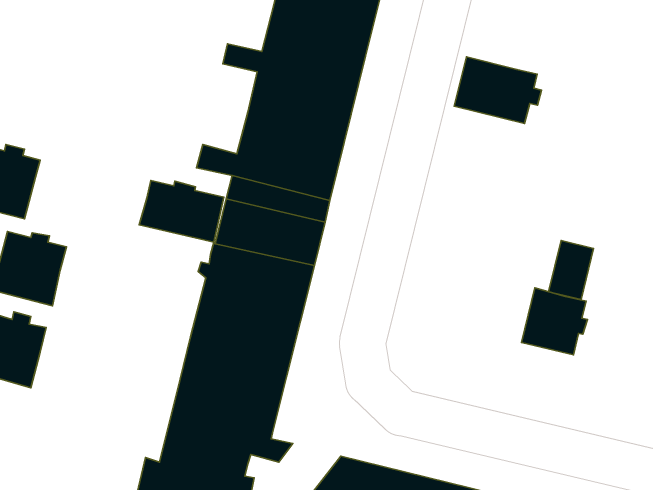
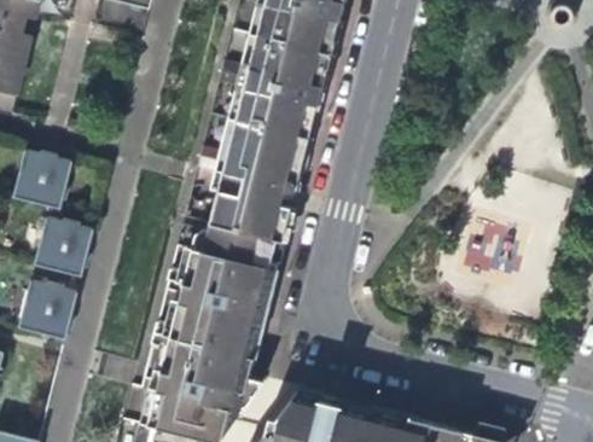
building: [454,57,541,123] -> none
building: [139,180,224,242] -> none
building: [522,288,587,355] -> none

